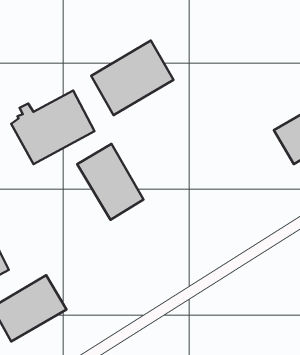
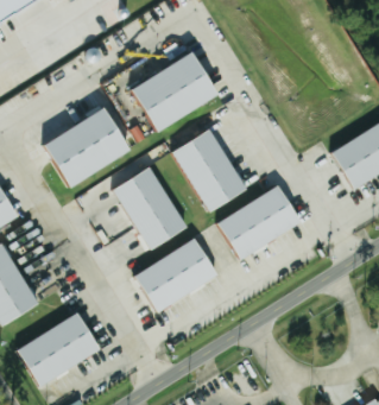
building: none -> [173,128,247,213]
building: none -> [214,186,302,261]
building: none -> [135,239,219,312]

